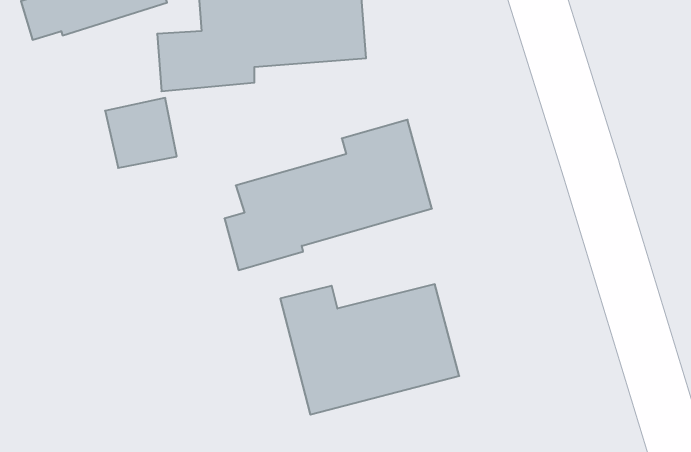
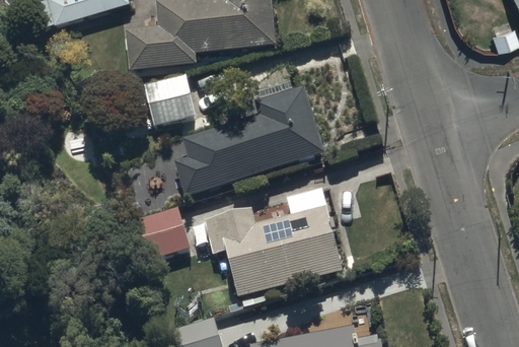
building: [105,98,177,168] -> [147,76,198,126]
building: none -> [135,205,190,259]

